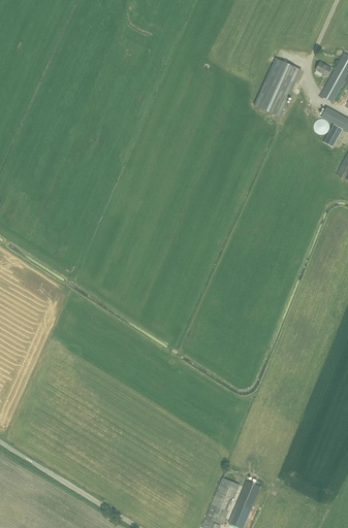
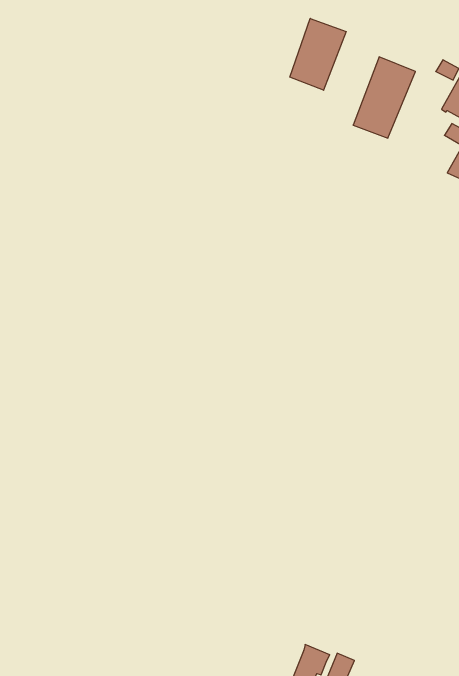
building: none -> [290,18,346,90]

